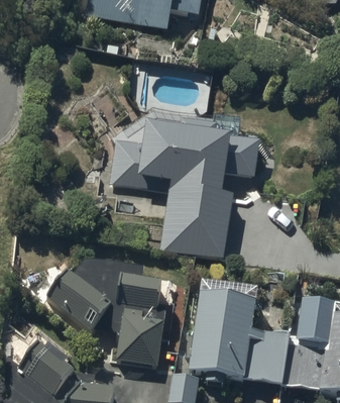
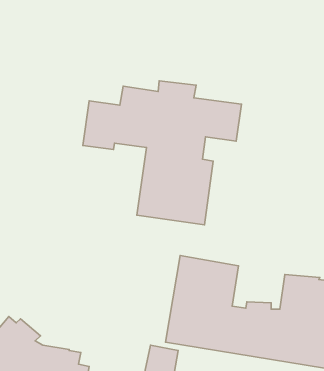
building: [47,269,163,364] -> none

